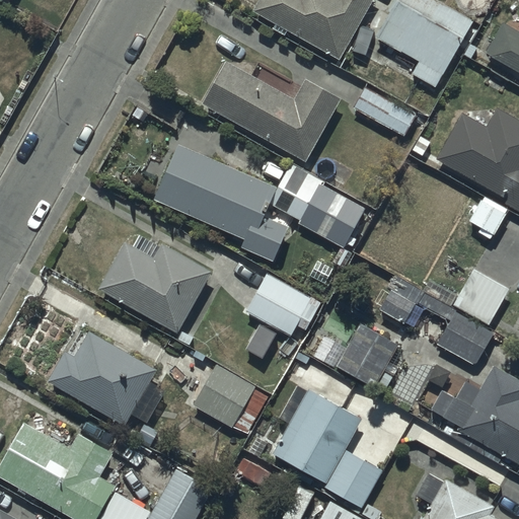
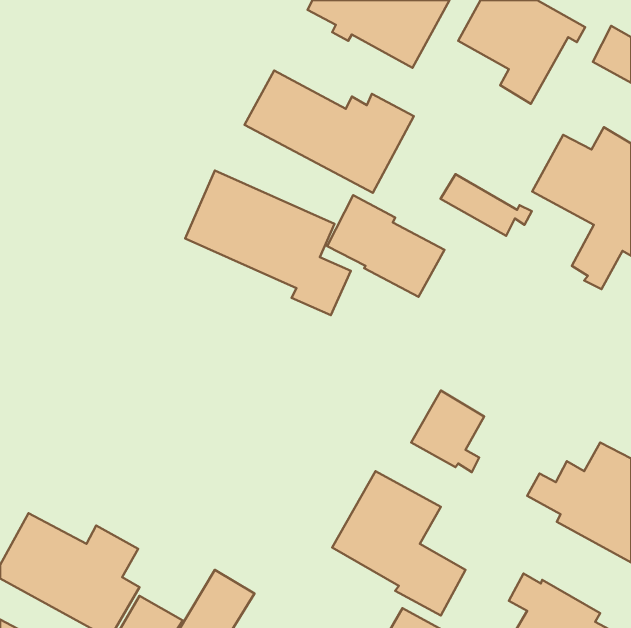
building: [352,86,427,137] -> [441,174,532,236]
building: [97,235,213,333] -> none
building: [376,270,508,366] -> none
building: [246,274,319,336] -> none
building: [48,330,156,425] -> none
building: [197,366,268,433] -> none

